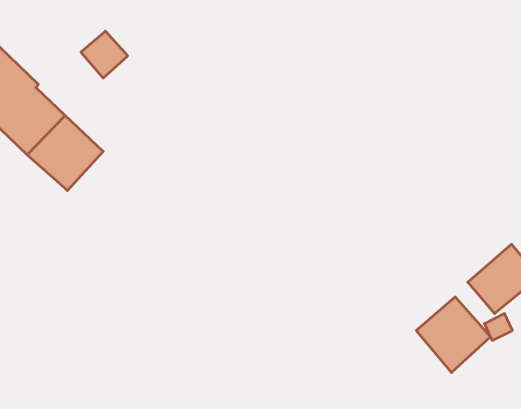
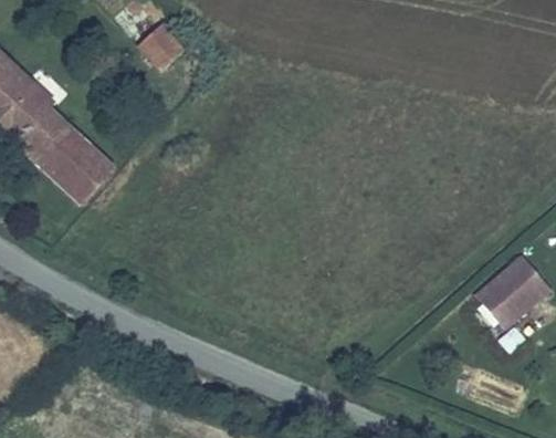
building: [81,31,128,78] -> [136,21,182,67]
building: [416,297,491,373] -> none

